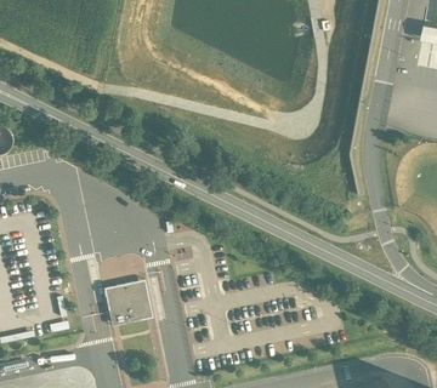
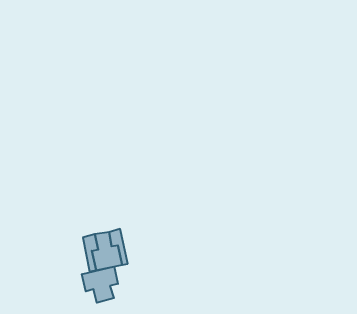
building: none -> [82,267,118,303]

